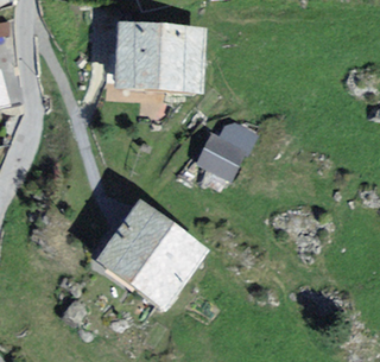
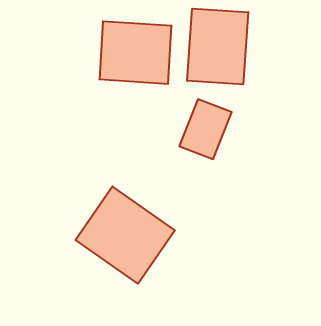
building: none -> [187,9,248,84]

